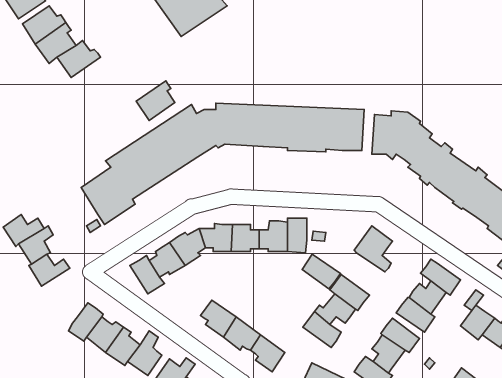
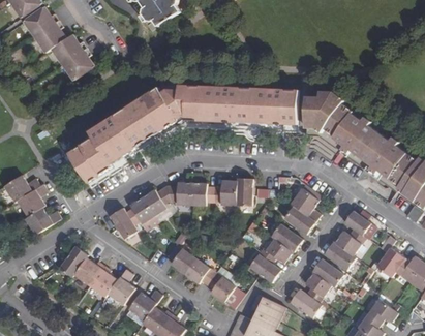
building: [136,81,175,120] -> [61,48,92,80]
building: [302,254,340,289] -> [283,206,314,234]

